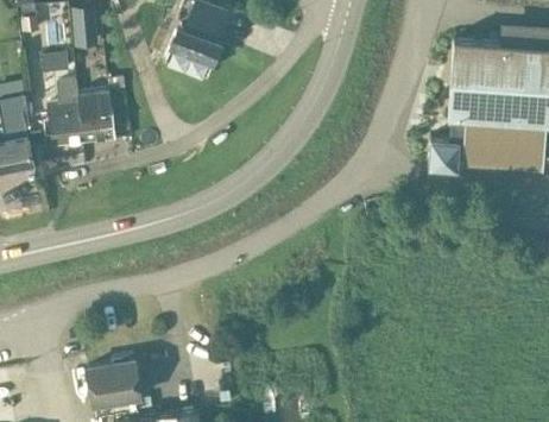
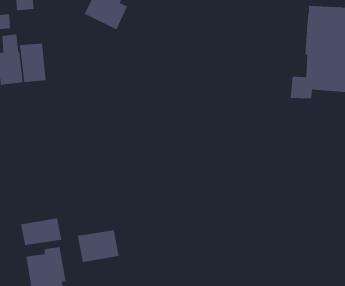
building: none -> [21,217,62,246]
building: none -> [77,230,119,263]

